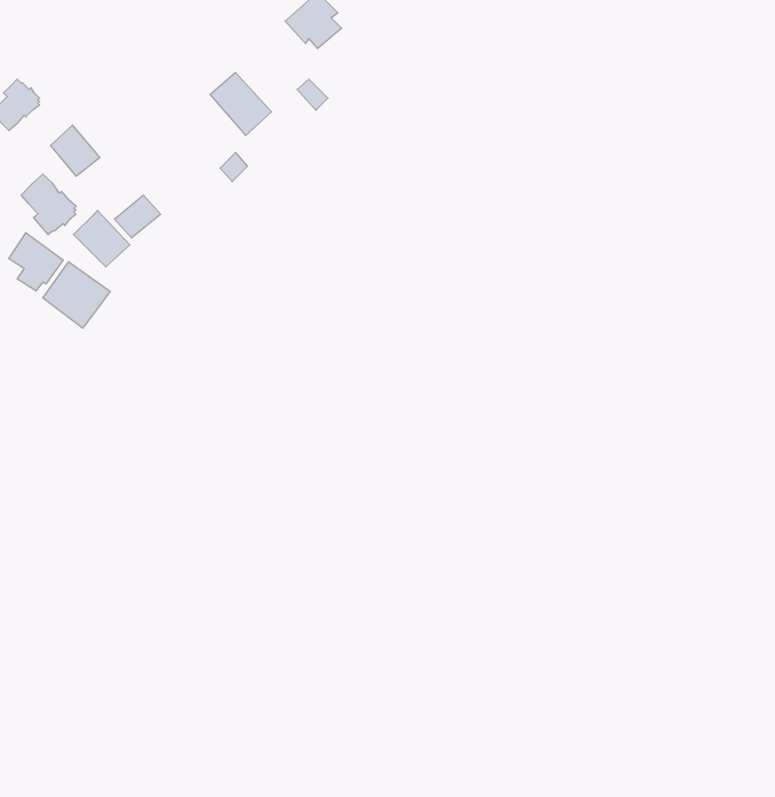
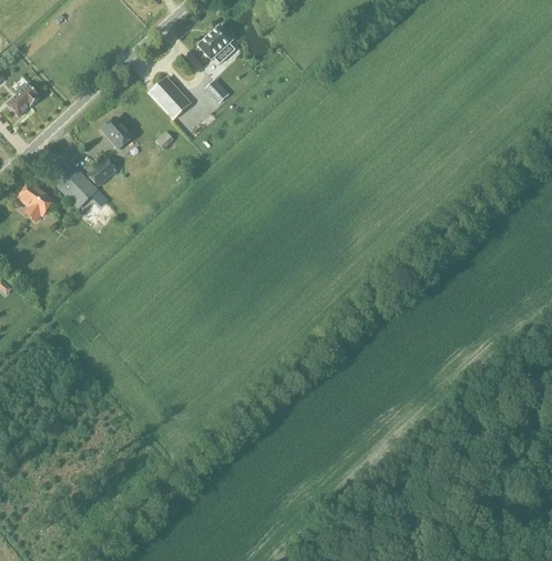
building: [50,125,100,176] -> [102,115,134,149]
building: [21,174,76,234] -> none
building: [43,262,110,328] -> none

